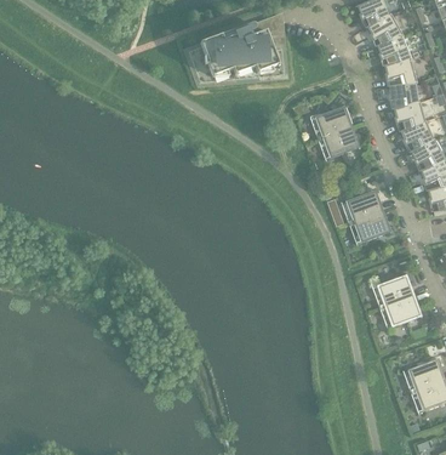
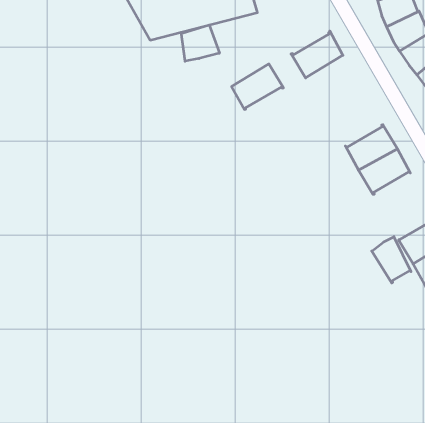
building: none -> [181,25,219,61]
building: [316,125,359,159] -> [232,64,283,109]
building: none -> [372,237,411,283]

